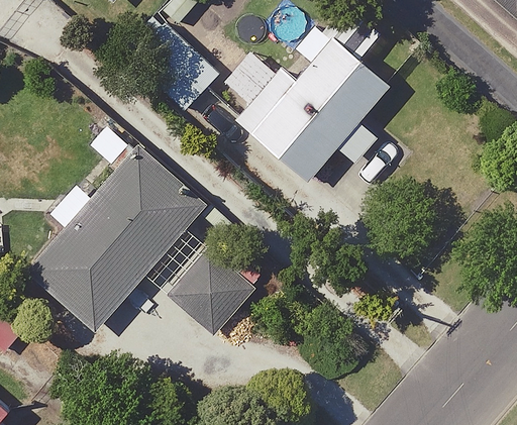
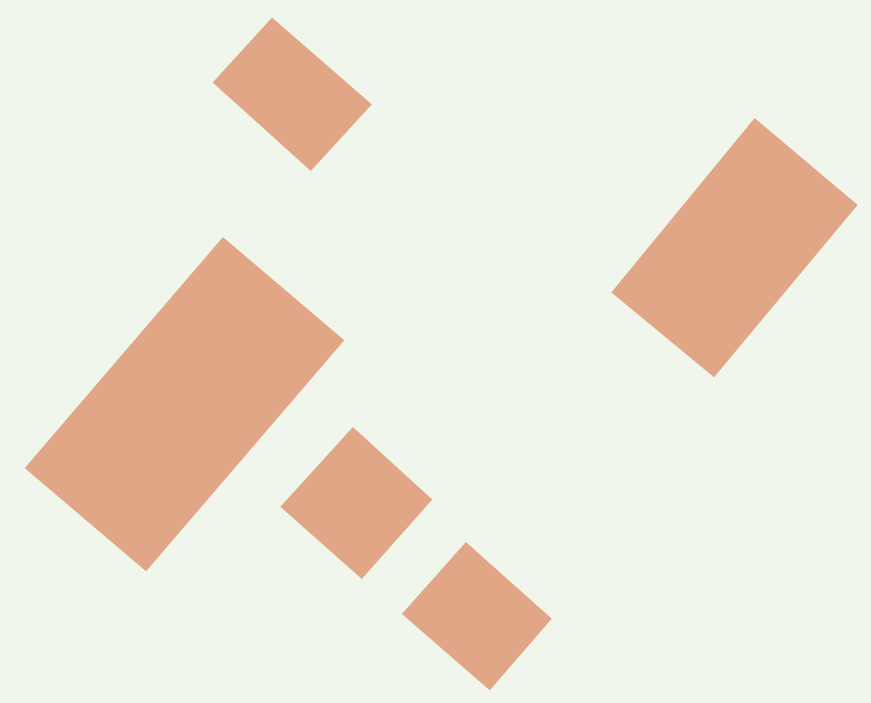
building: [252,37,390,182] -> [610,117,859,379]
building: none -> [401,541,553,692]

